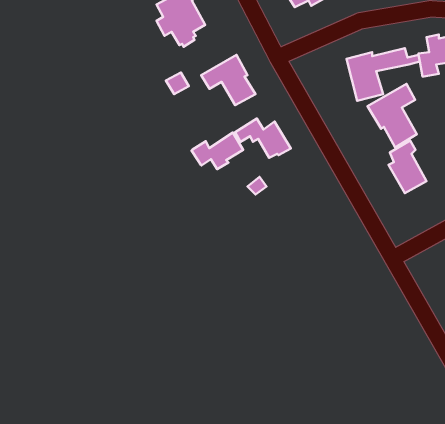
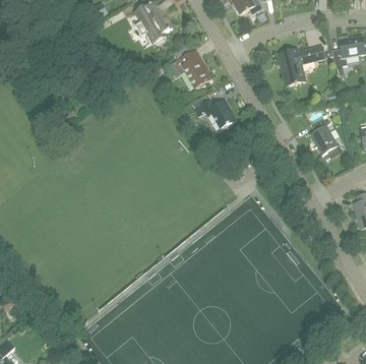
building: [367,84,417,148] -> none
building: [191,132,243,169] -> none

